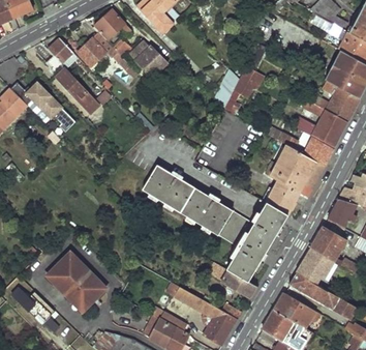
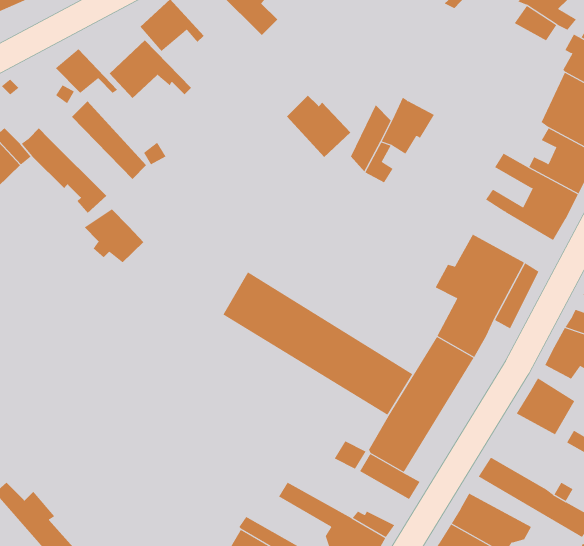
building: [130,41,167,78] -> [286,95,351,158]
building: none -> [84,209,144,263]
building: [273,130,333,166] -> none
building: [297,247,334,291] -> none
building: [48,251,106,310] -> none

